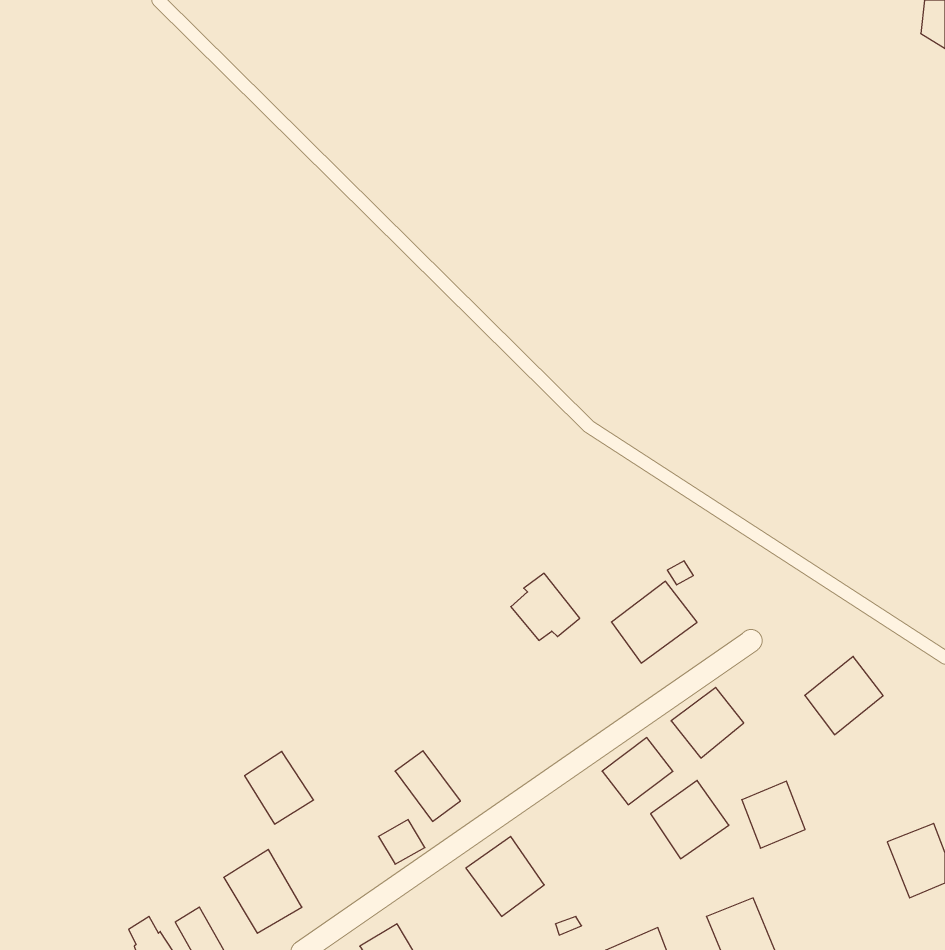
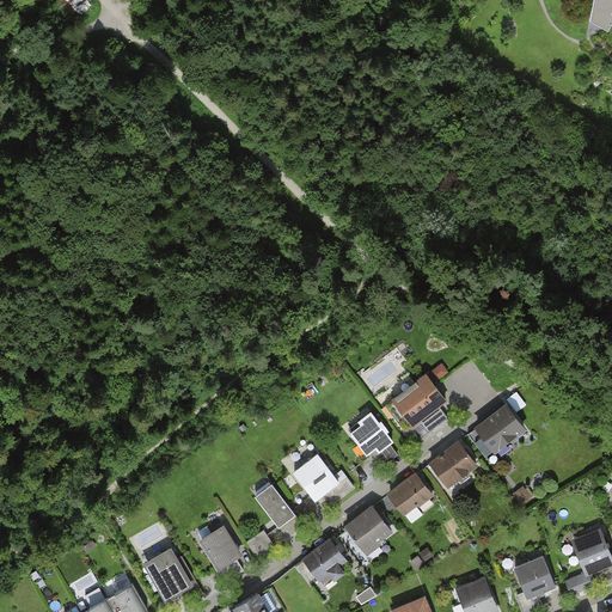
building: [511,573,580,640] -> [349,412,393,455]
building: [805,656,883,735] -> [476,404,526,454]
building: none -> [292,453,338,501]
building: [245,751,314,824] -> [197,525,241,571]
building: [651,780,729,859] -> [344,506,394,556]
building: [742,781,805,848] -> [514,556,555,599]

